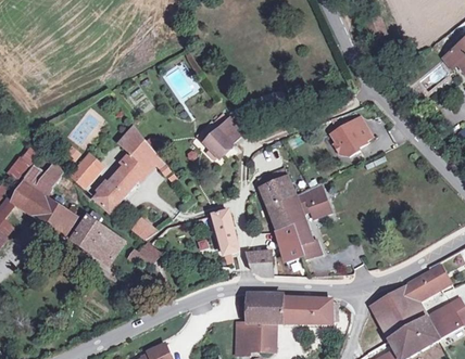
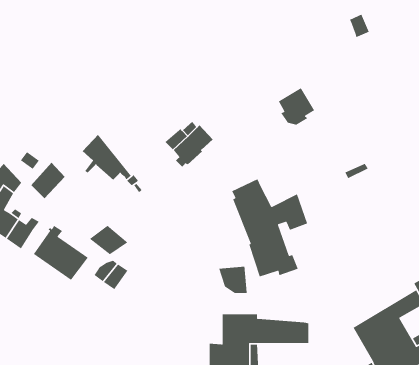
building: [330,119,365,155] -> [278,87,315,126]
building: [93,156,148,213] -> none
building: [213,210,237,255] -> none

